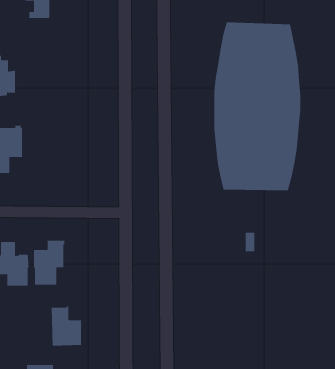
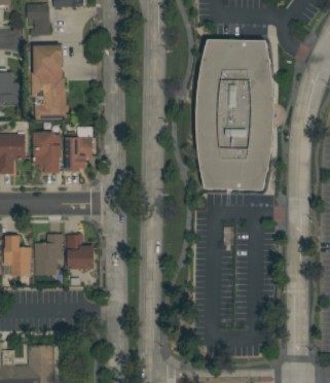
building: none -> [32,45,70,120]
building: none -> [65,127,94,173]
building: none -> [34,132,62,174]
building: [51,306,82,346] -> [67,234,95,270]

